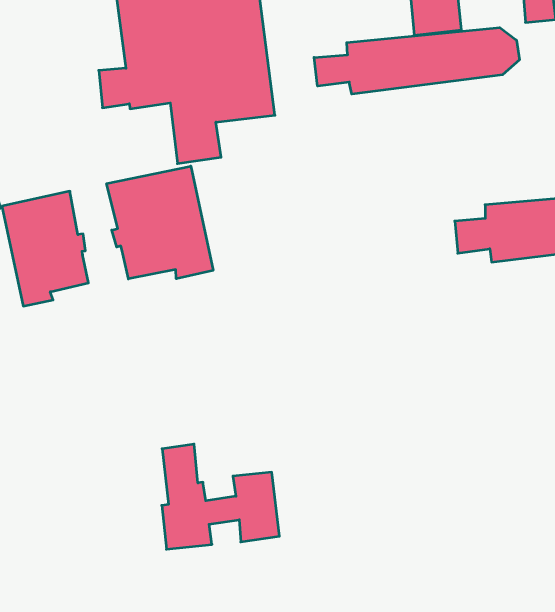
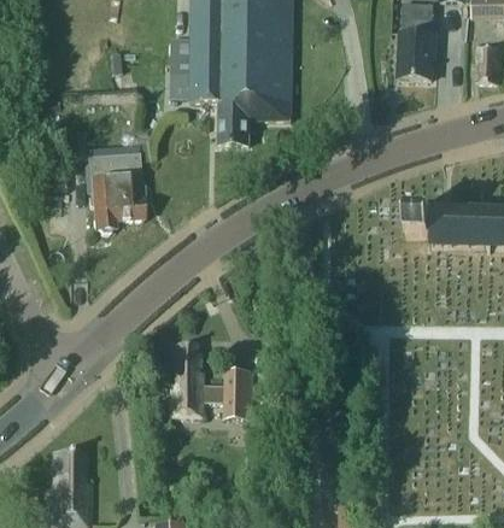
building: [314,28,519,94] -> none
building: [107,166,213,279] -> none

